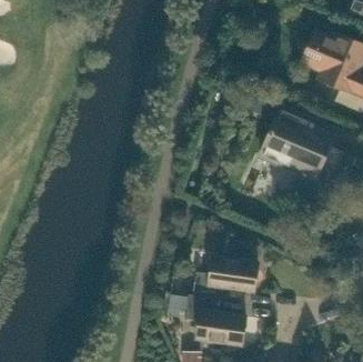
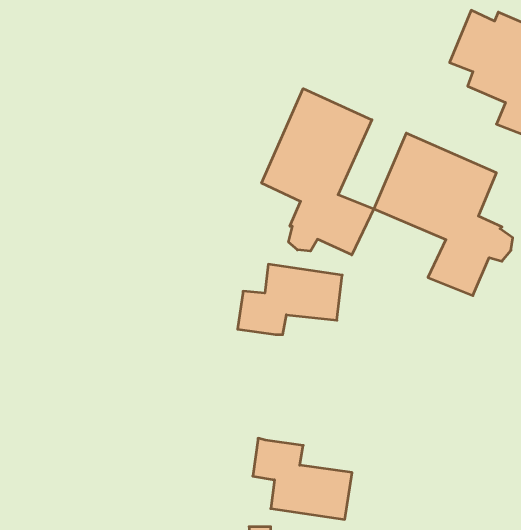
building: none -> [262,89,374,255]
building: [193,257,258,300] -> [238,264,342,335]

